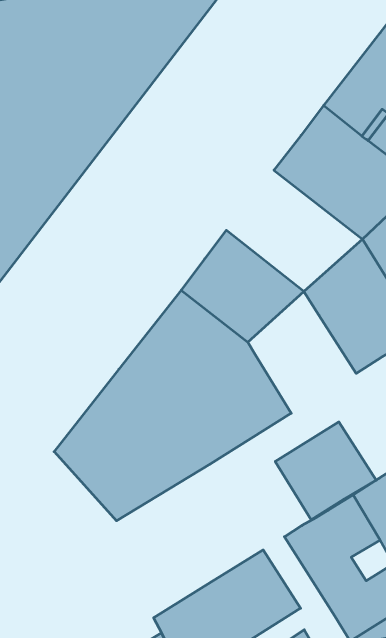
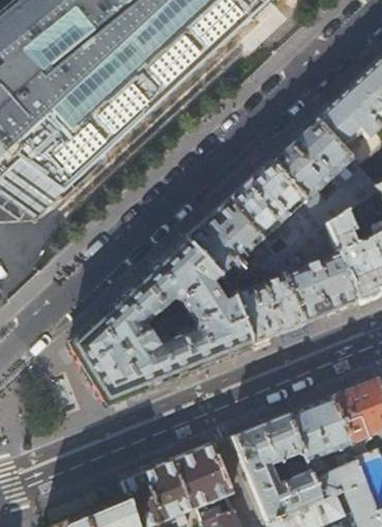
building: none -> [227,162,327,256]
building: [275,422,376,520] -> [233,276,306,346]

